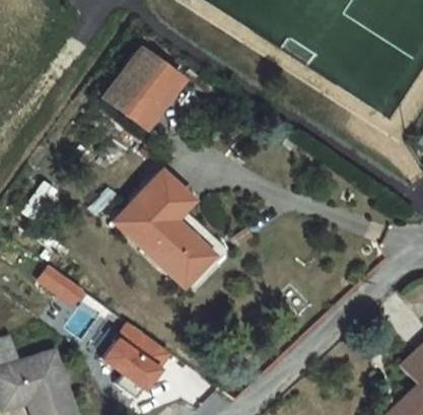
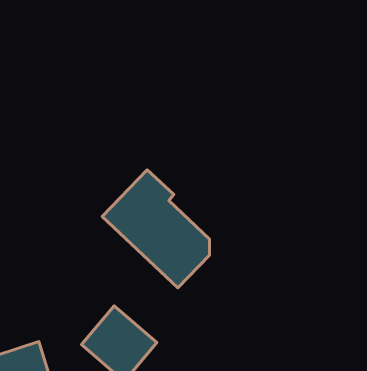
building: [107,54,178,131] -> none
building: [36,260,85,304] -> none

